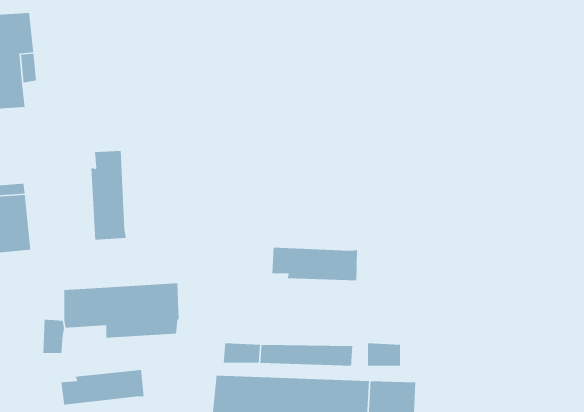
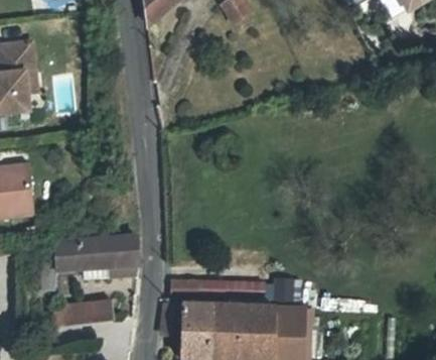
building: [90,150,127,240] -> none
building: [272,247,358,281] -> none

